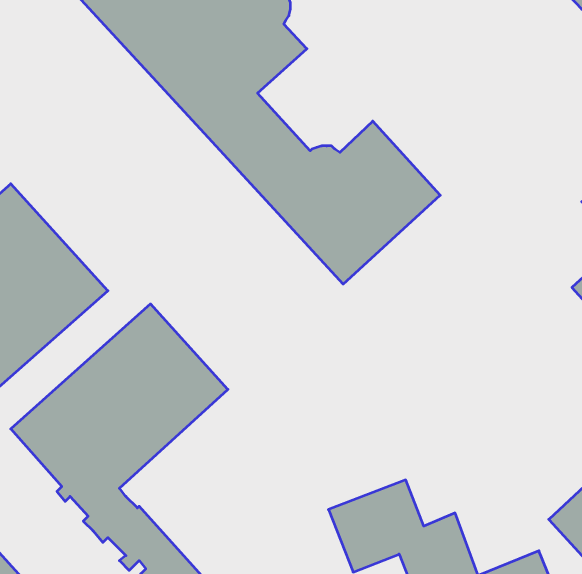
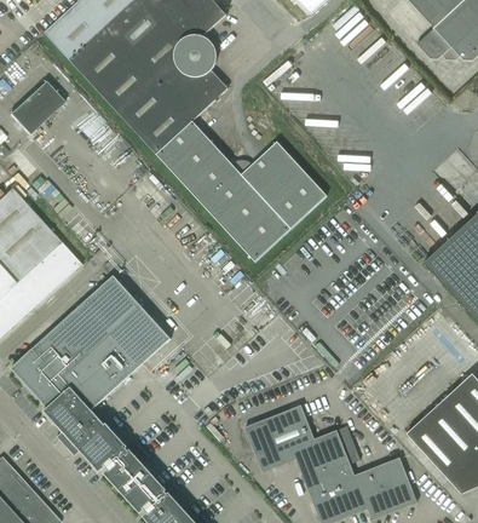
building: none -> [11,80,65,133]

